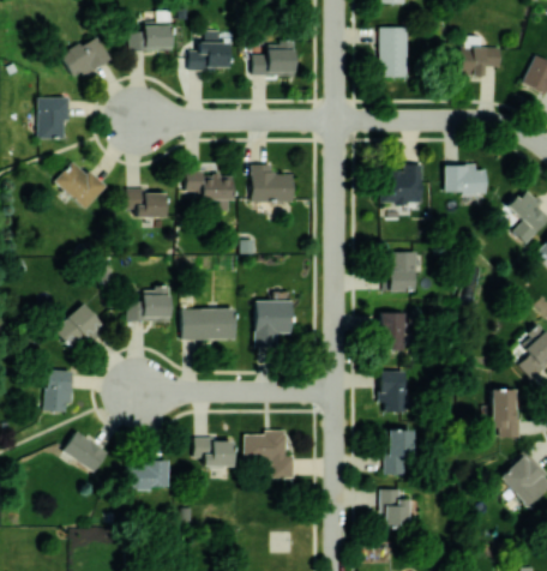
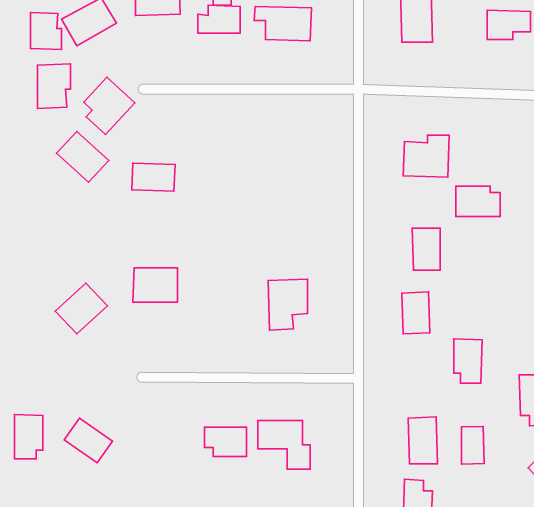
building: none -> [31,13,61,50]
building: none -> [84,77,135,135]
building: [251,164,294,203] -> none
building: [445,164,487,193] -> [456,186,500,217]
building: [186,172,232,211] -> none
building: [181,308,235,341] -> none
building: [46,369,72,411] -> [15,414,43,459]
building: [380,371,407,413] -> [454,339,482,383]
building: none -> [461,426,484,464]
building: [128,461,169,489] -> none

